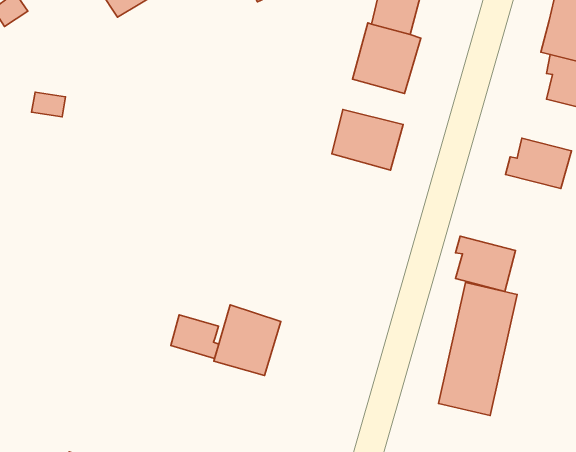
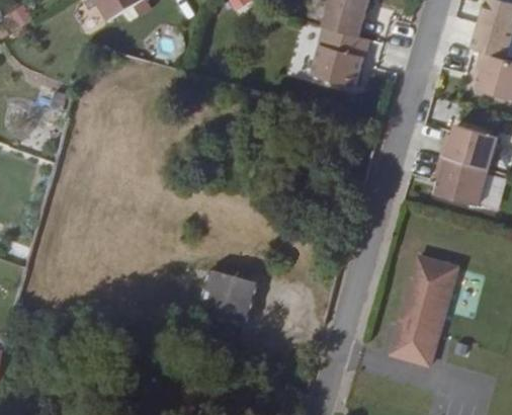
building: [332,110,403,170] -> none
building: [456,236,515,292] -> [440,157,492,204]
building: [171,315,219,359] -> none

